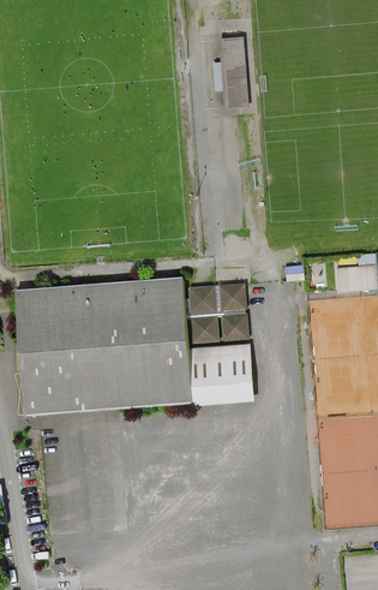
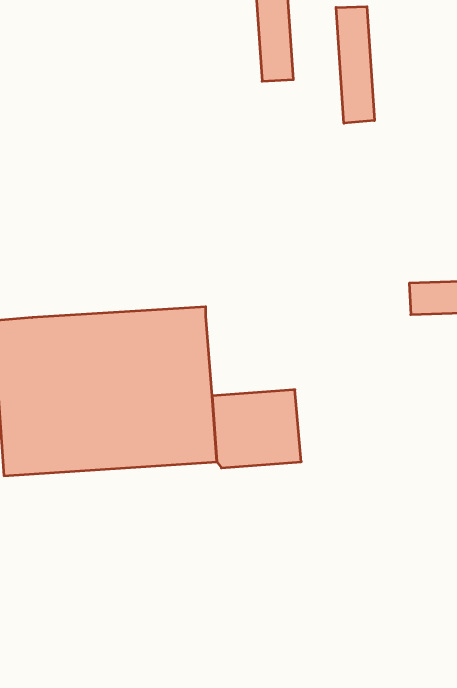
building: none -> [336,7,374,123]
building: [179,284,246,350] -> none

